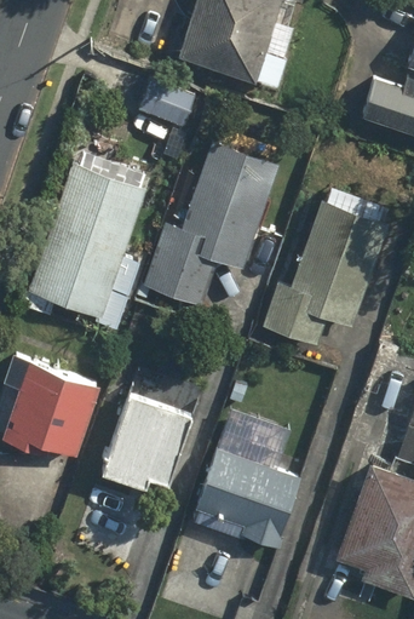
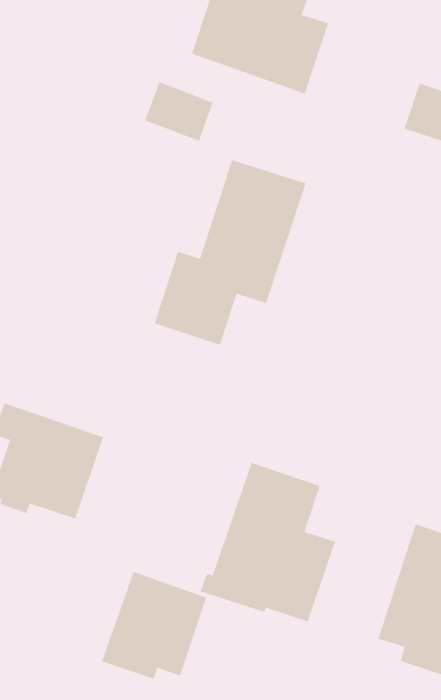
building: [29,164,144,316] -> none
building: [260,202,386,346] -> none
building: [100,395,192,489] -> [101,571,207,679]

